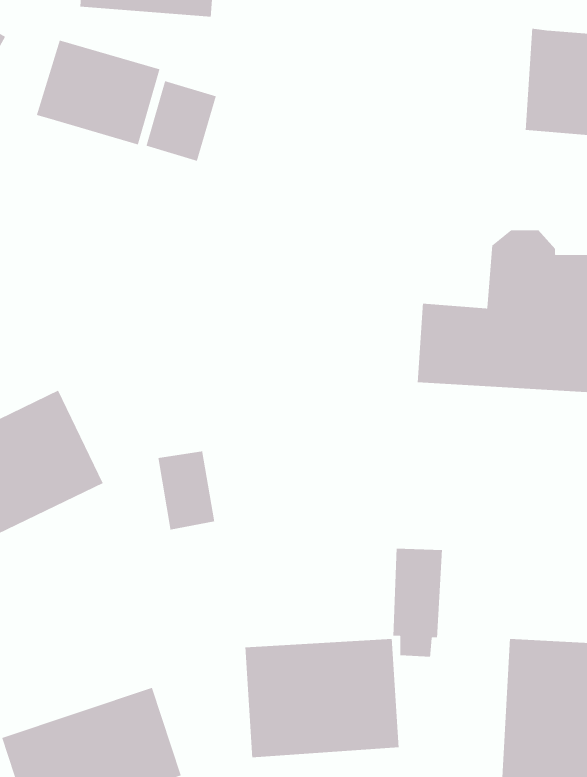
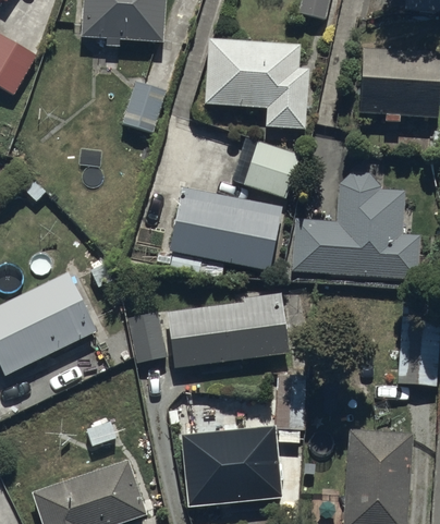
building: none -> [207,38,307,126]
building: [36,40,161,145] -> none
building: none -> [244,141,301,197]
building: none -> [171,187,282,271]
building: none -> [168,292,288,364]

